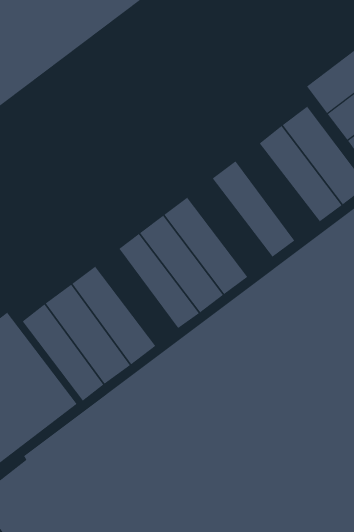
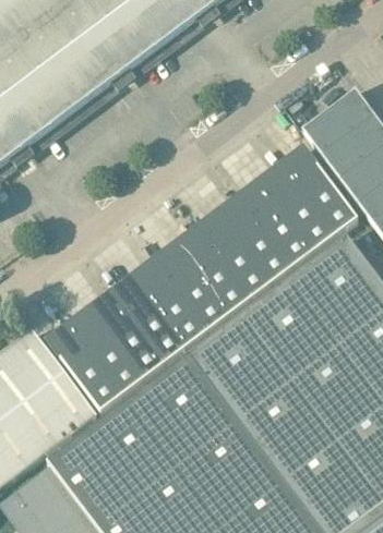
building: none -> [239,180,314,267]
building: none -> [195,211,272,300]
building: none -> [112,275,187,362]

